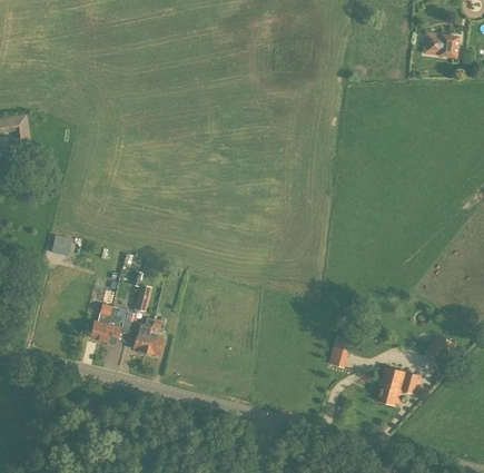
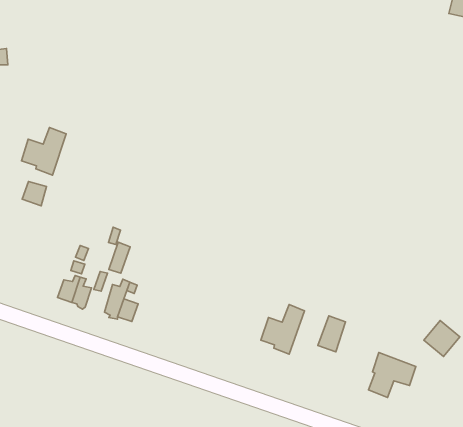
building: none -> [22,128,66,175]
building: none -> [261,304,304,354]

